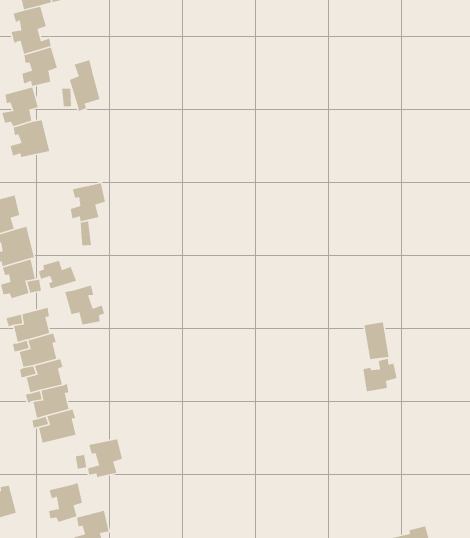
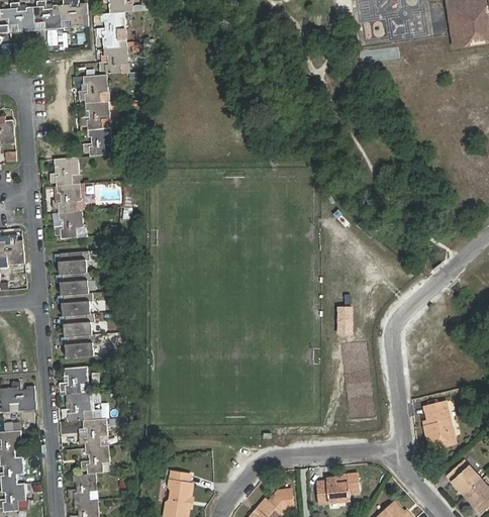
building: [69,59,101,112] -> none
building: [70,183,106,222] -> [83,128,112,157]
building: [38,260,77,289] -> none
building: [64,284,105,326] -> none
building: [363,358,397,392] -> none
building: [87,438,123,478] -> [59,367,88,395]

